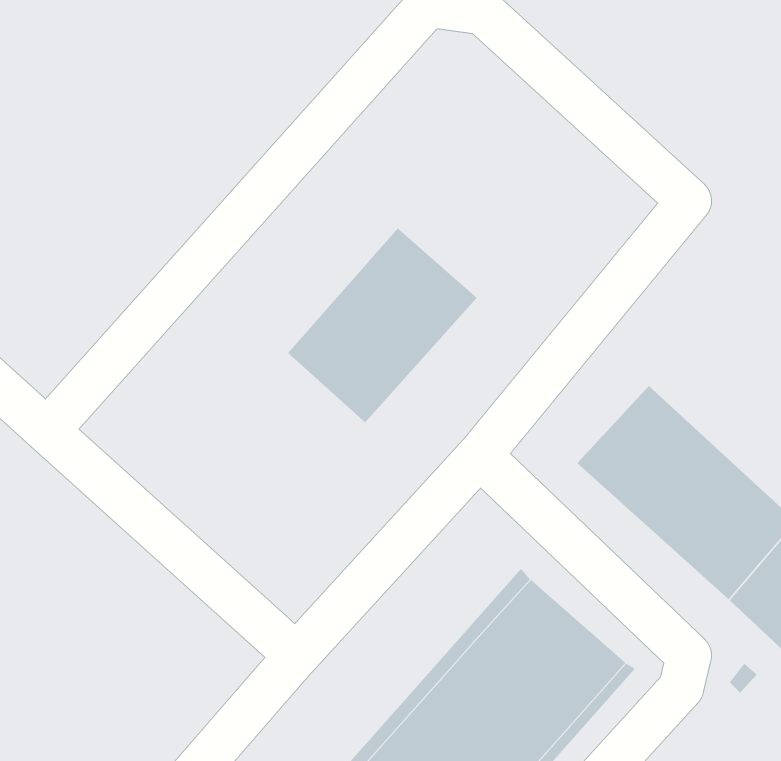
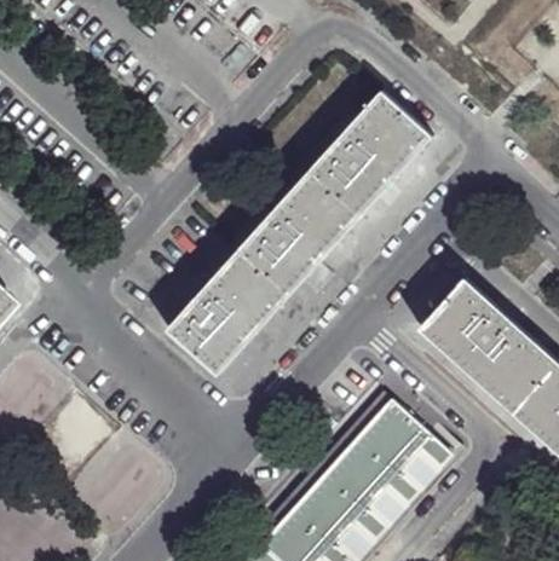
building: none -> [305,94,427,220]
building: none -> [165,255,284,377]

